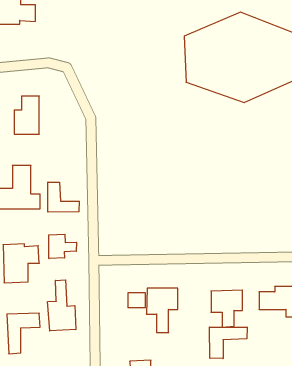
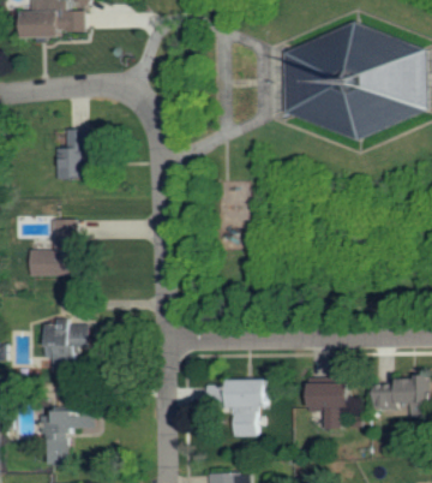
building: [48,182,79,212] -> none
building: [49,234,77,259] -> none
building: [48,280,76,331] -> none
building: [209,327,247,359] -> none

